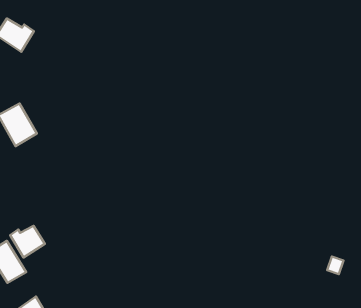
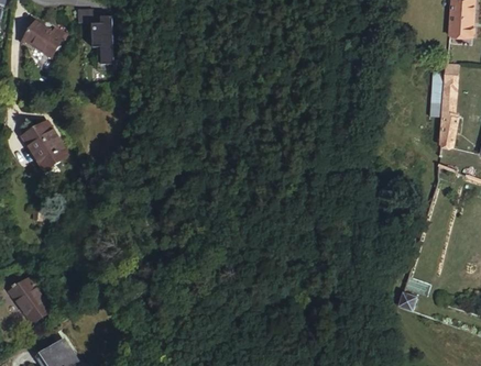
building: none -> [91,14,111,66]
building: [10,226,45,257] -> none

